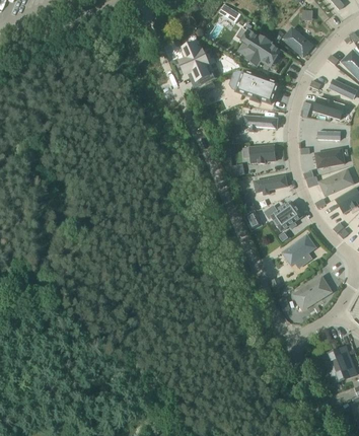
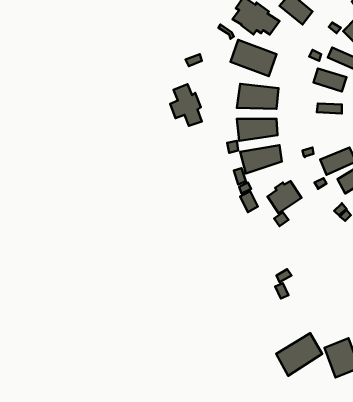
building: [184,41,213,79] -> [170,84,202,126]
building: [315,149,344,168] -> none
building: [278,235,318,272] -> none
building: [292,275,335,314] -> [276,333,322,376]

